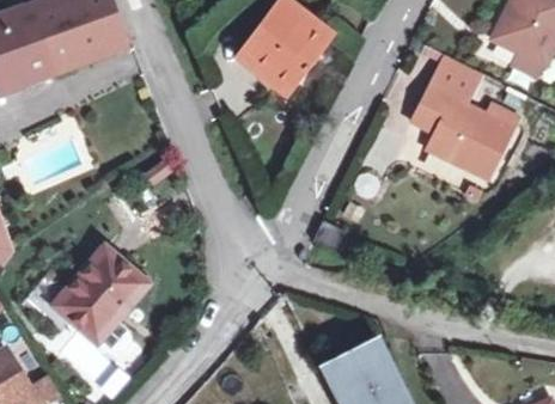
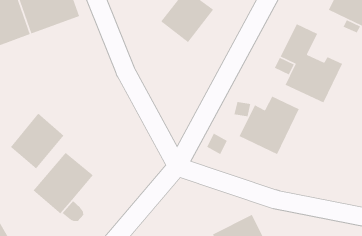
building: none -> [239,95,300,155]
building: none -> [10,113,65,169]

